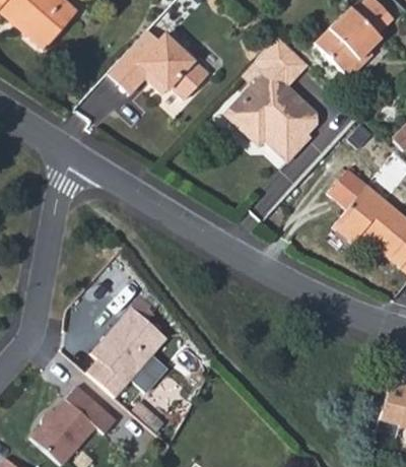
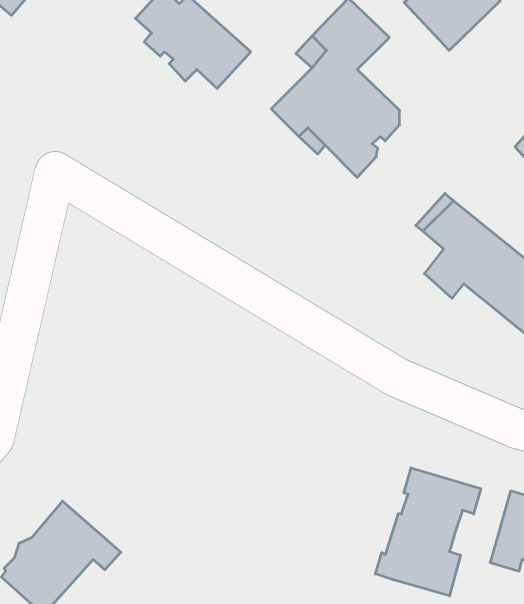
building: [109,49,147,92] -> none
building: [89,308,168,396] -> none
building: none -> [375,468,481,596]

